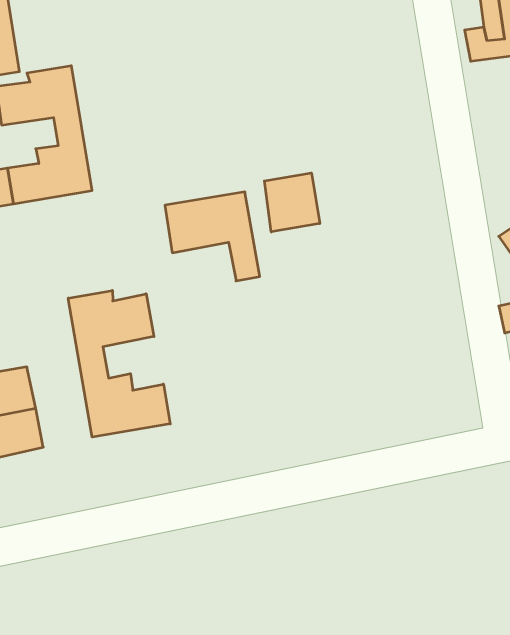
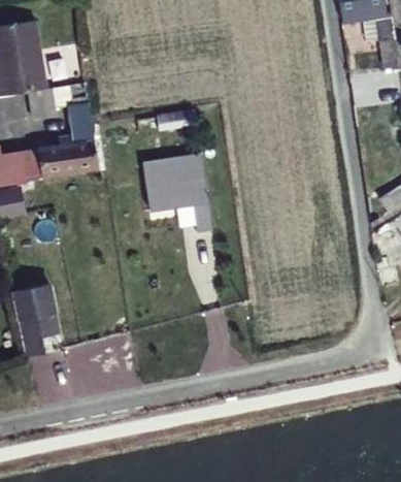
building: [264,173,320,232] -> none
building: [68,290,170,437] -> none

